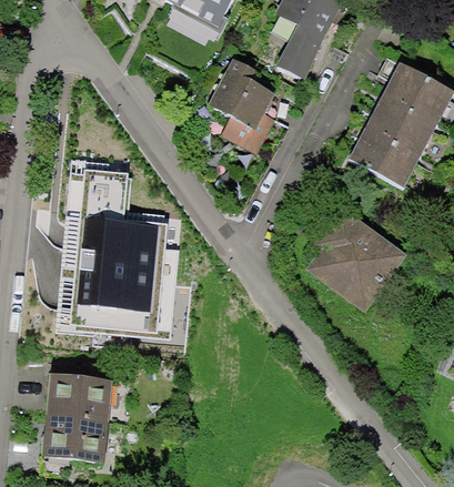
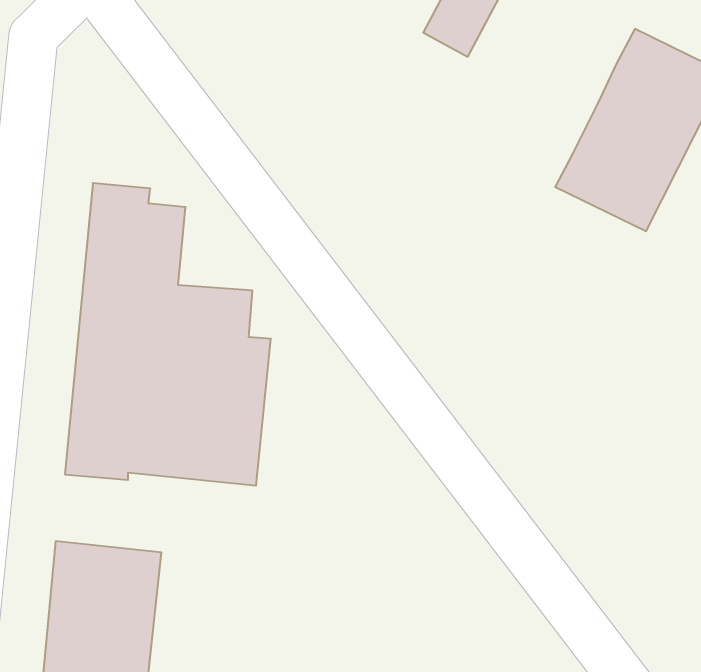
building: [200,61,272,158] -> none
building: [312,213,401,305] -> none

